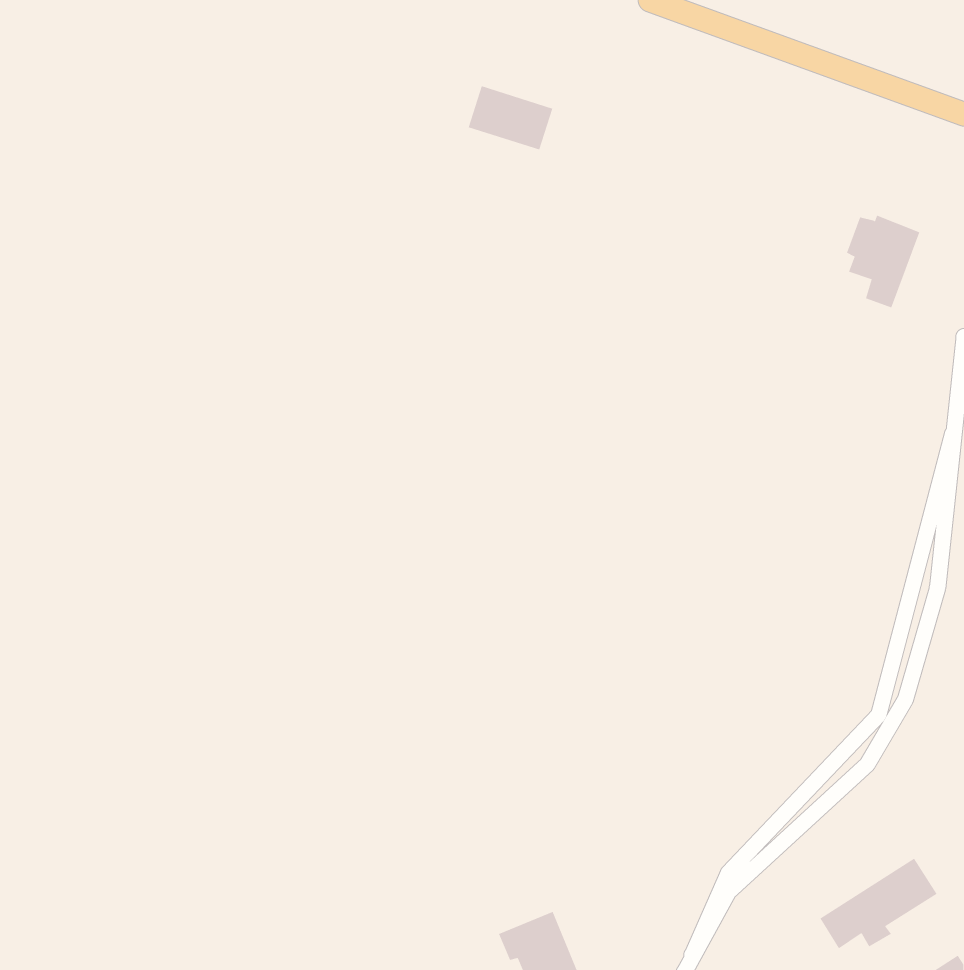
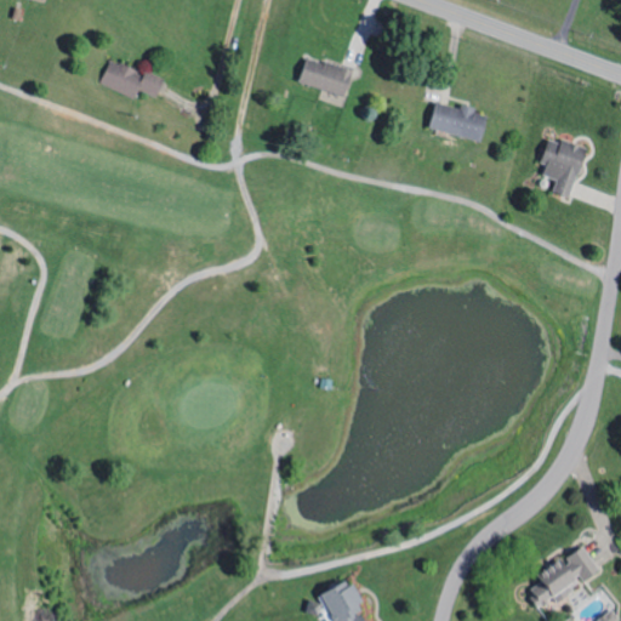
building: none -> [98,58,163,99]
building: none -> [429,102,488,142]

